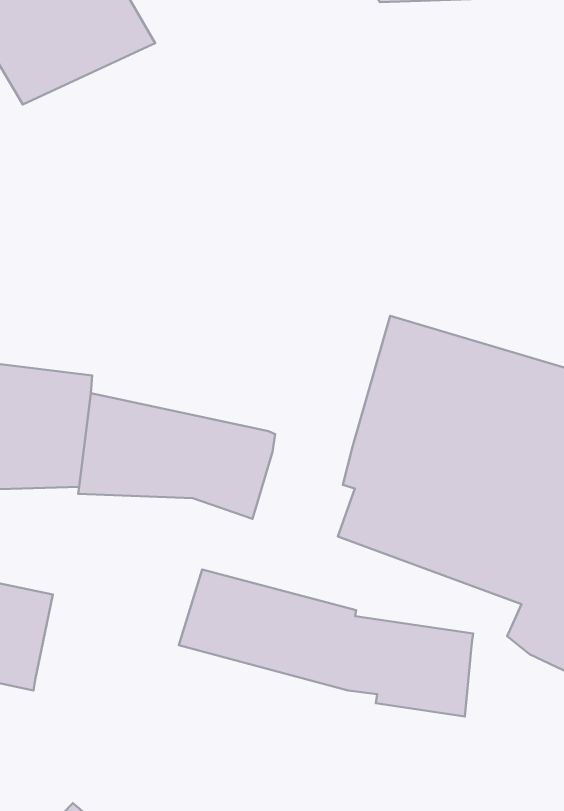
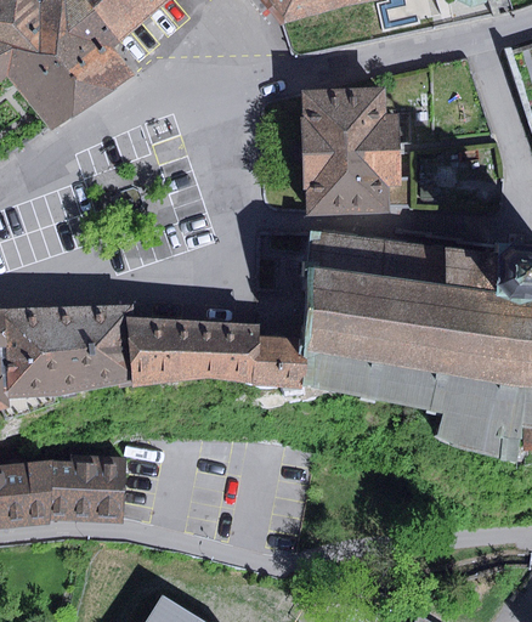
building: none -> [300,86,401,215]
building: none -> [251,337,304,388]
building: [179,570,473,717] -> none

